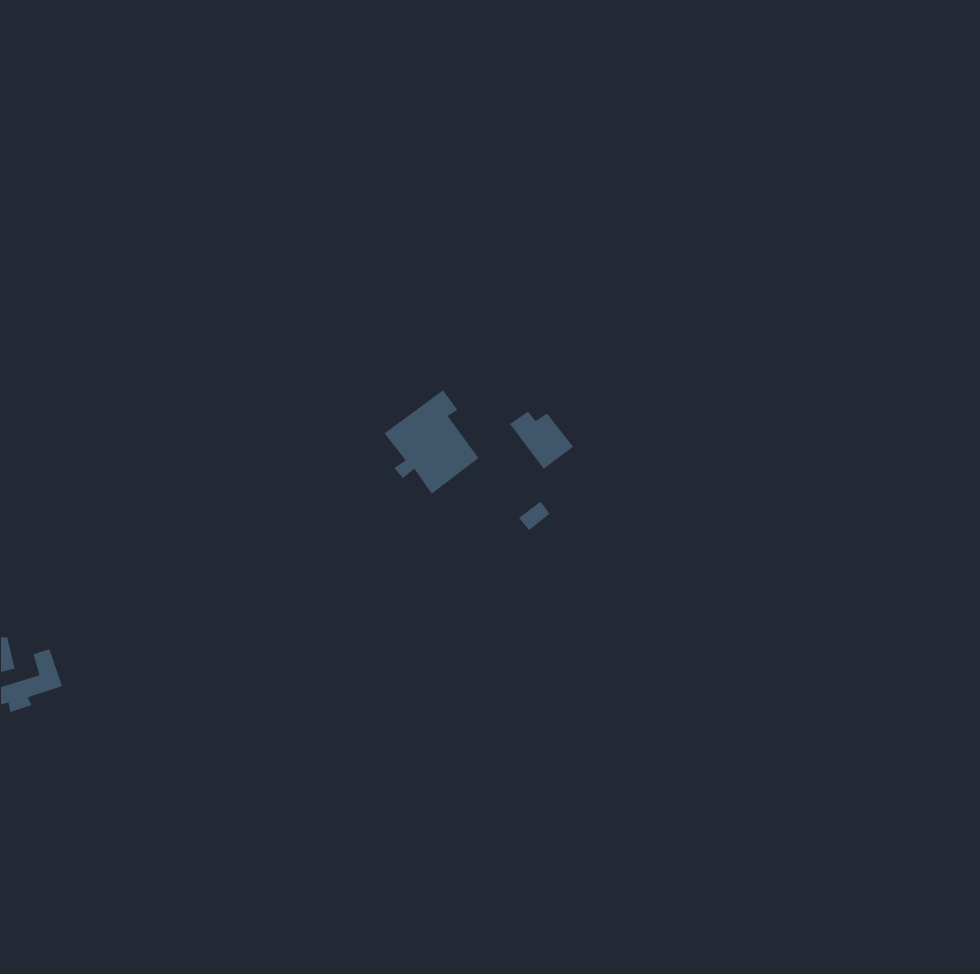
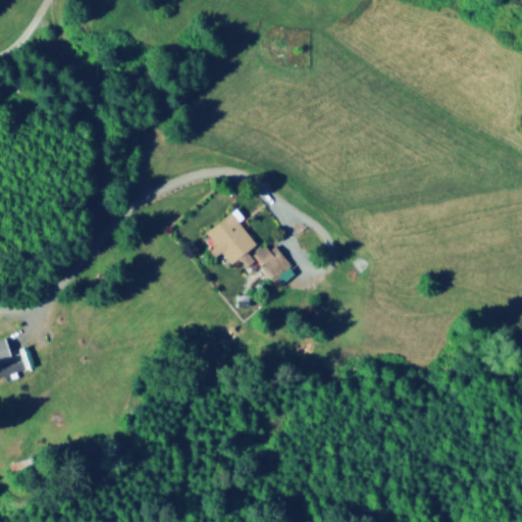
building: [509,411,574,470] -> [253,247,288,278]

